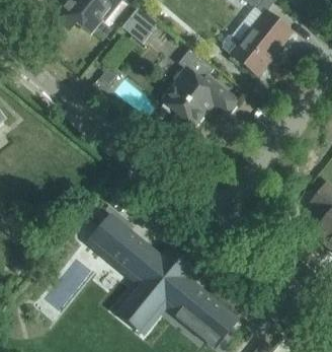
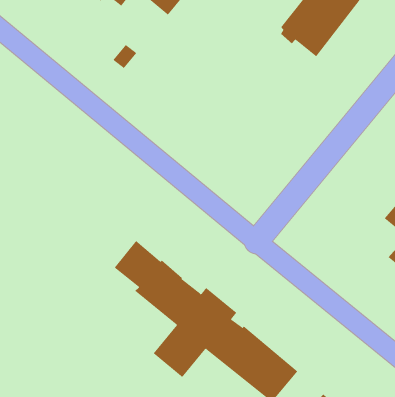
building: [162,49,237,129] -> none

